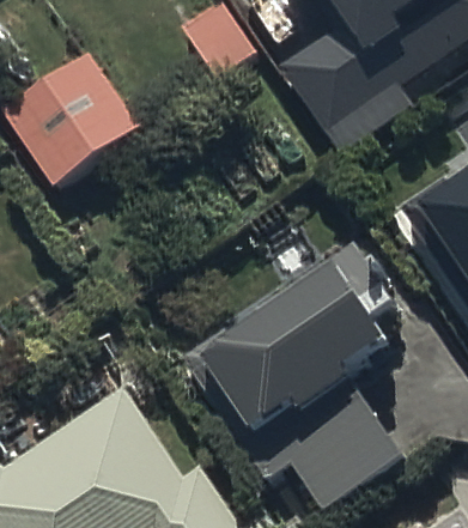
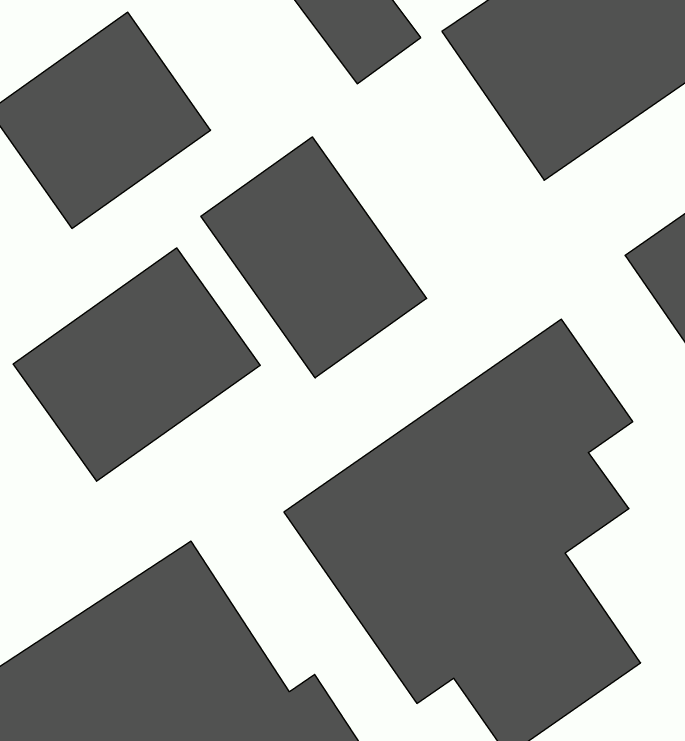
building: none -> [201,137,427,378]
building: none -> [13,248,260,481]

